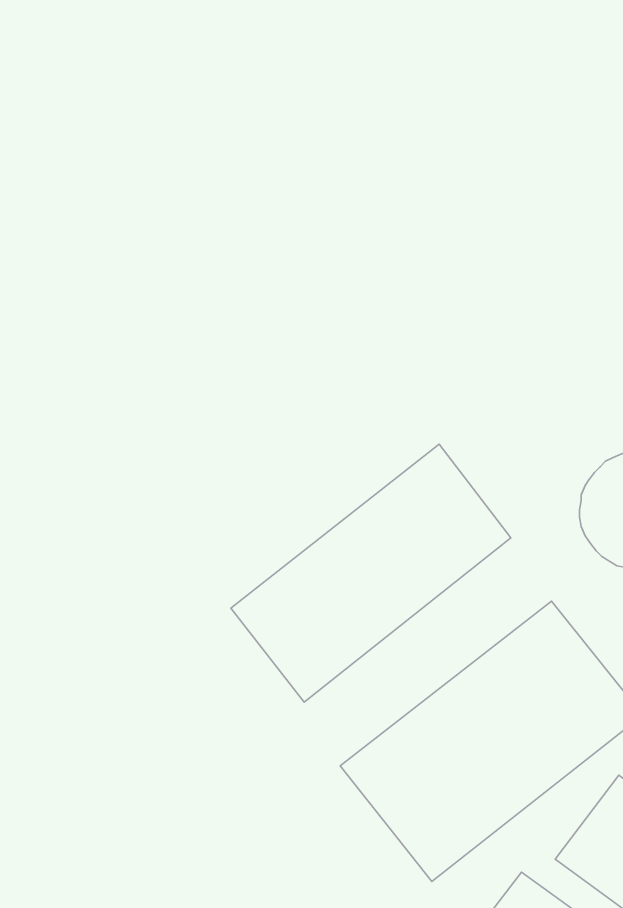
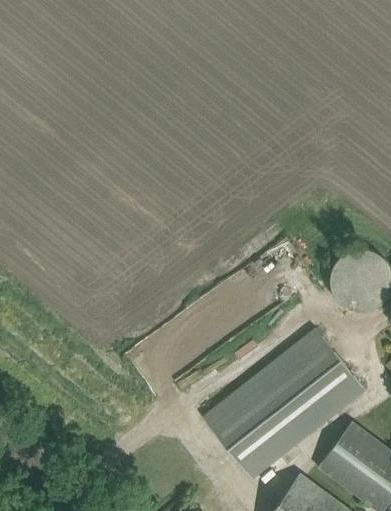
building: [231,444,511,702] -> none

